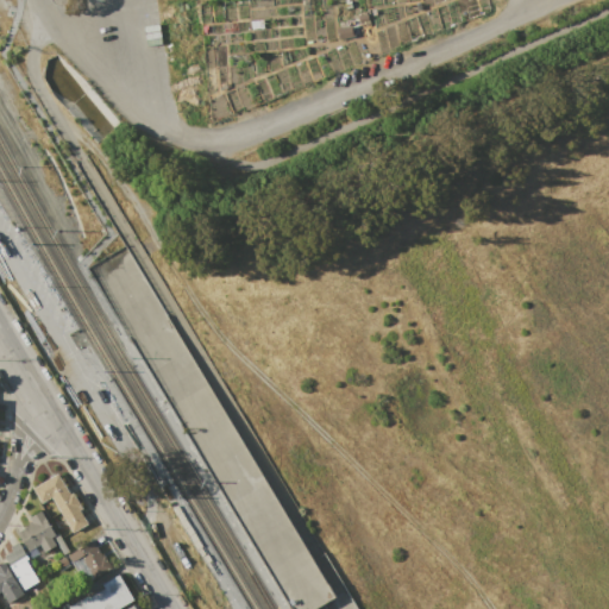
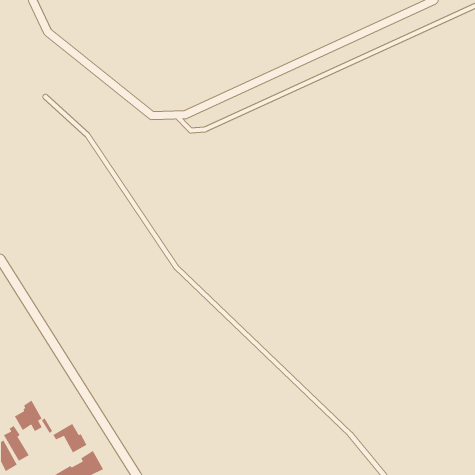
building: [33,475,87,532] -> none

